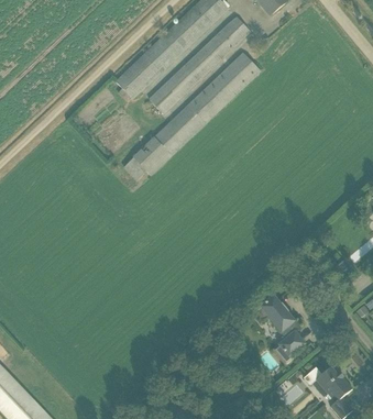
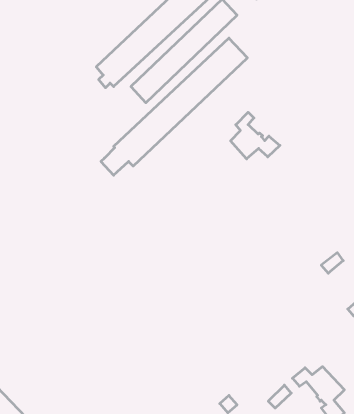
building: none -> [231,112,280,159]
building: [251,295,305,365] -> none

